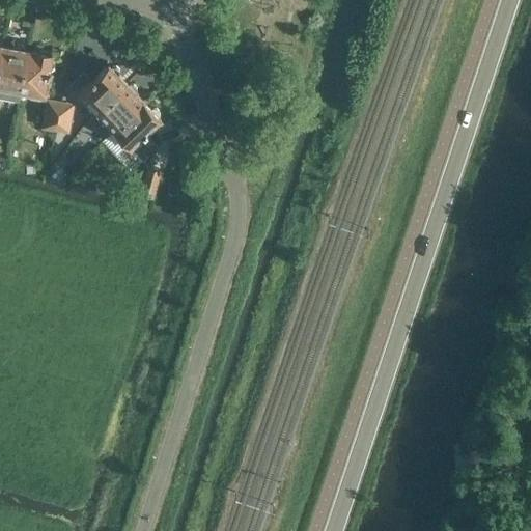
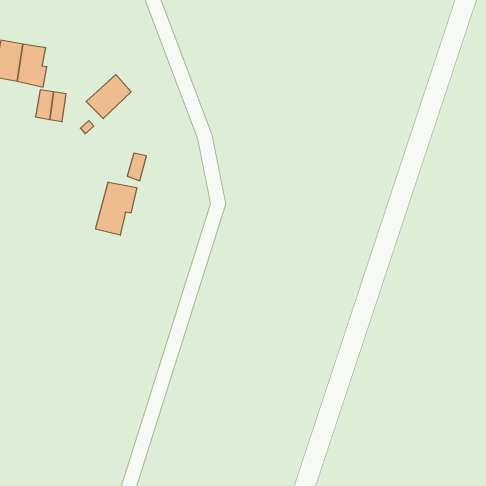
building: [75,65,125,113] -> none
building: [112,103,160,162] -> none
building: none -> [96,182,137,235]

